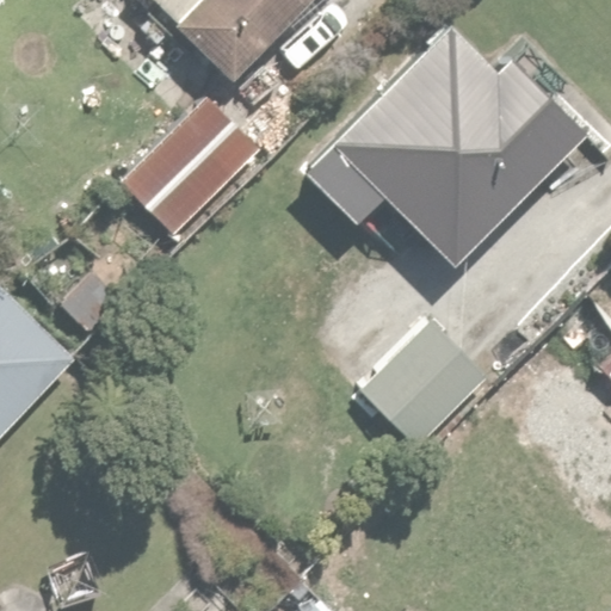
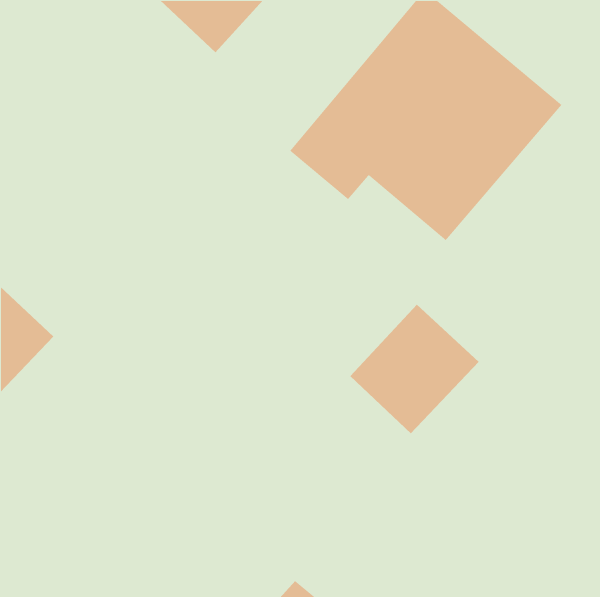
building: [121,93,283,259] -> none

